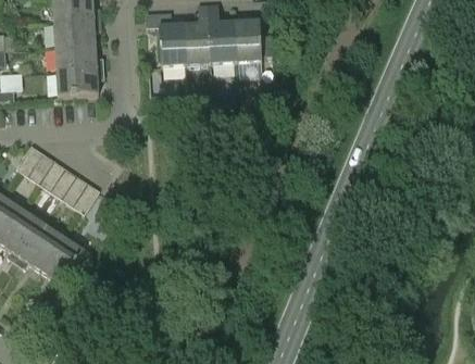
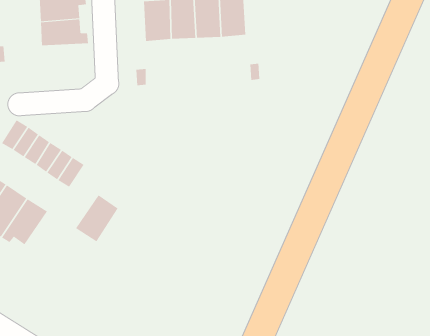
building: [55,67,103,96] -> none
building: [39,236,83,284] -> [75,194,119,242]

